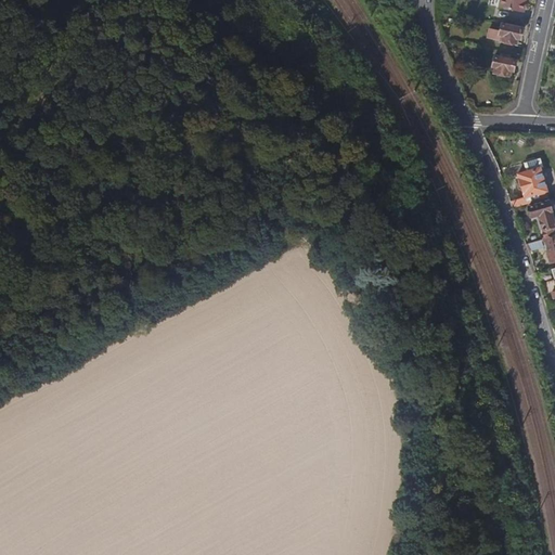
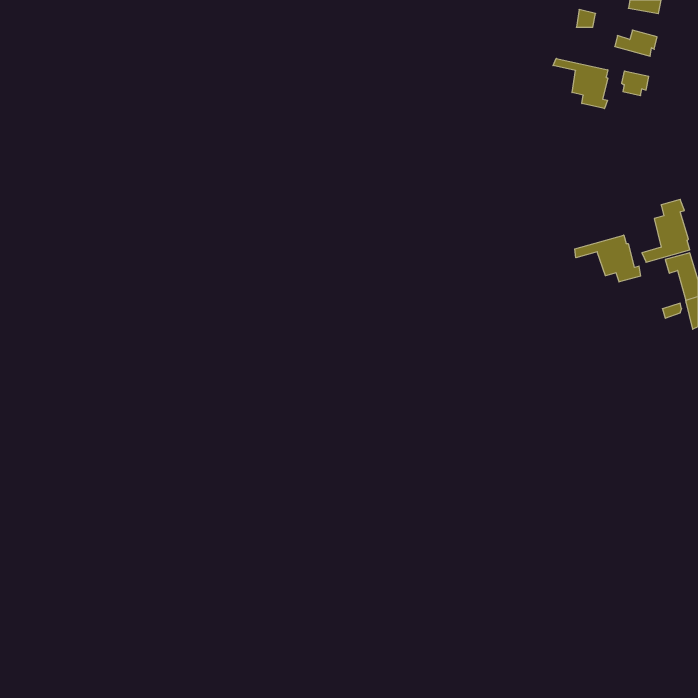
building: none -> [553,58,608,109]
building: none -> [575,235,641,282]

